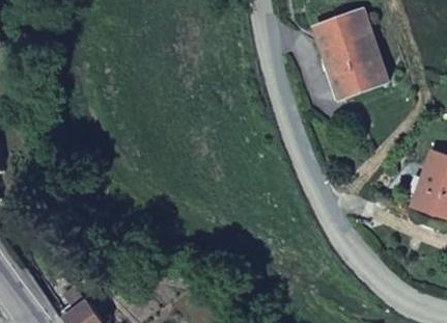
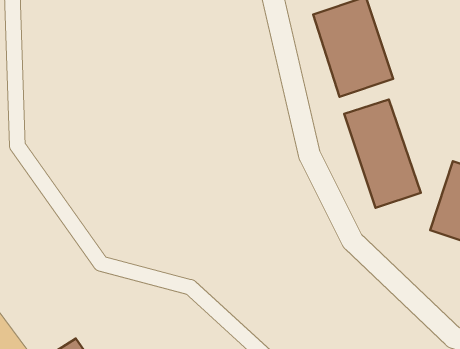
building: none -> [344,100,421,208]

